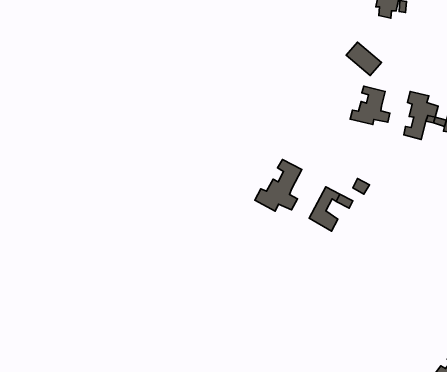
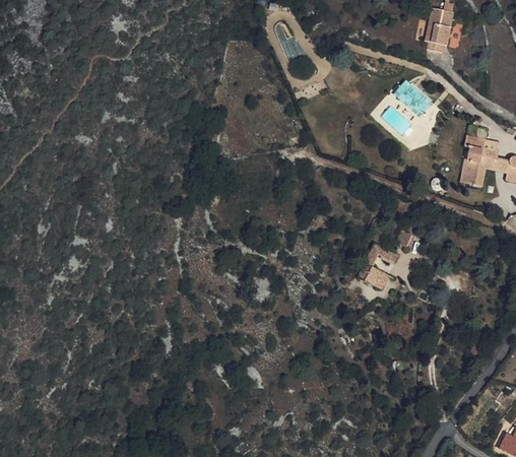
building: [350,86,390,125] -> none
building: [255,159,302,211] -> none

